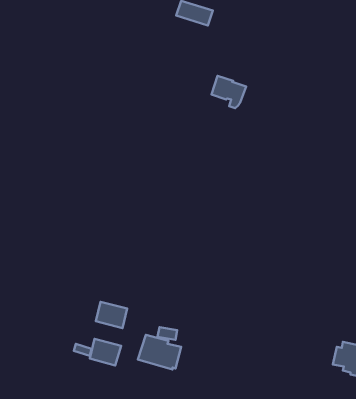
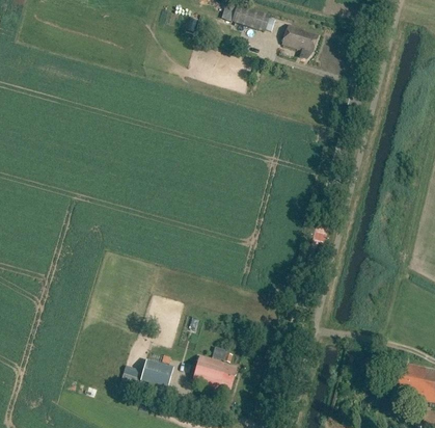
building: [212,76,246,108] -> [282,23,319,57]
building: [96,302,127,328] -> none

